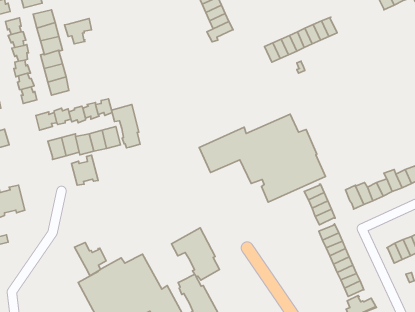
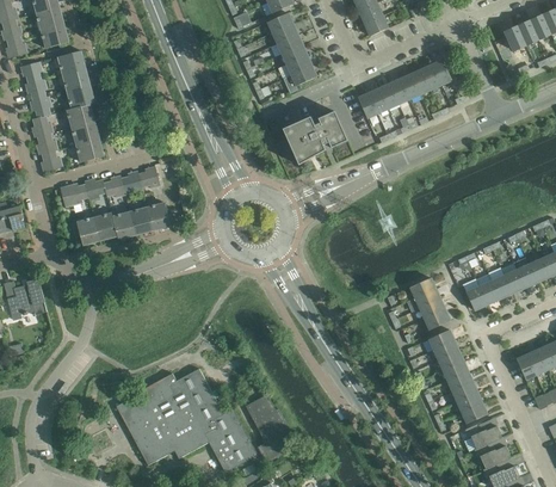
building: [65,18,91,44] -> none
building: none -> [282,111,347,165]
building: [111,105,140,148] -> none
building: [199,114,325,202] -> none
building: [71,155,98,185] -> none
building: [172,228,219,280] -> none
building: [74,242,106,276] -> none

